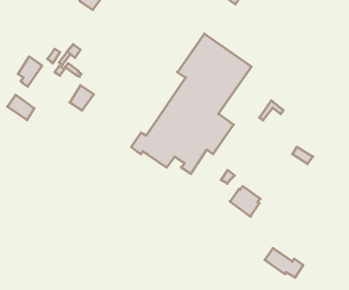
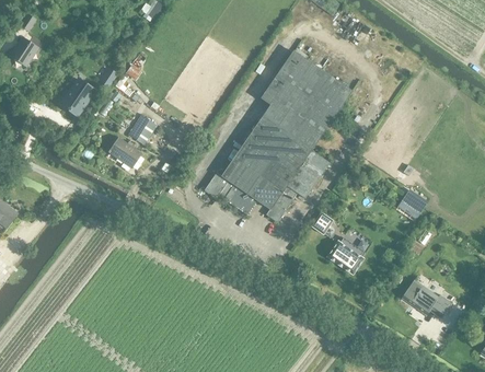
building: [7,95,34,120] -> [108,137,141,167]
building: [265,248,303,278] -> [403,281,450,317]

